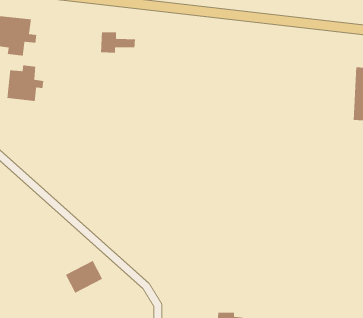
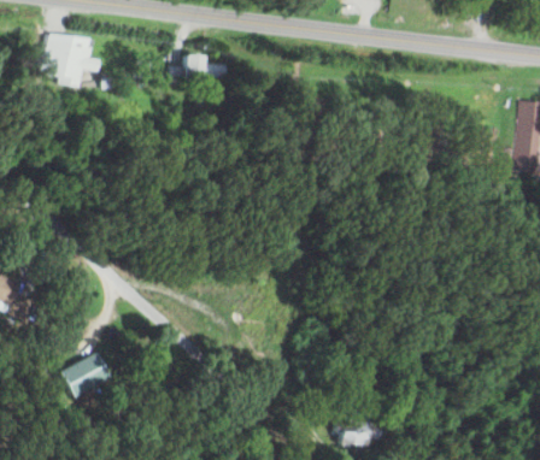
building: [7,65,44,102] -> none
building: [65,260,103,294] -> [58,353,108,397]

